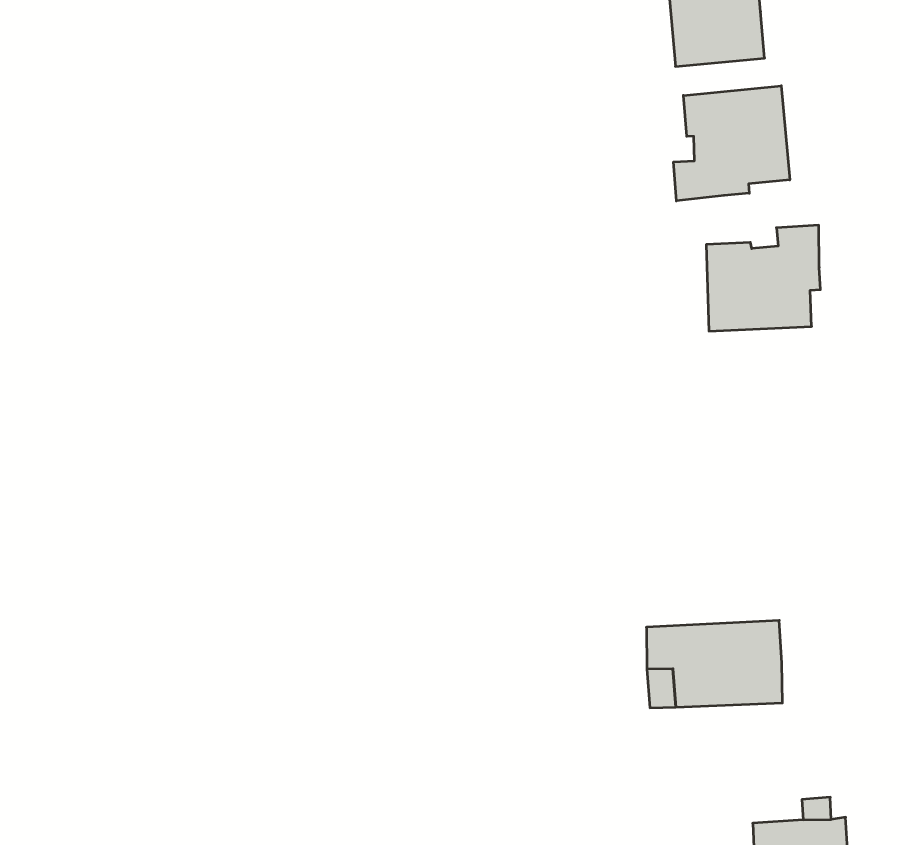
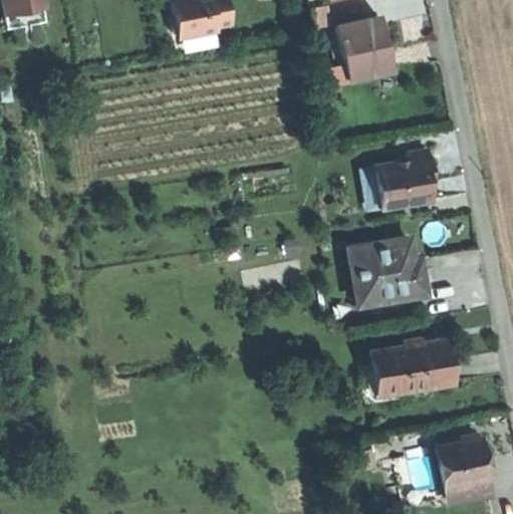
building: [674,86,790,201] -> none
building: none -> [350,237,424,299]

